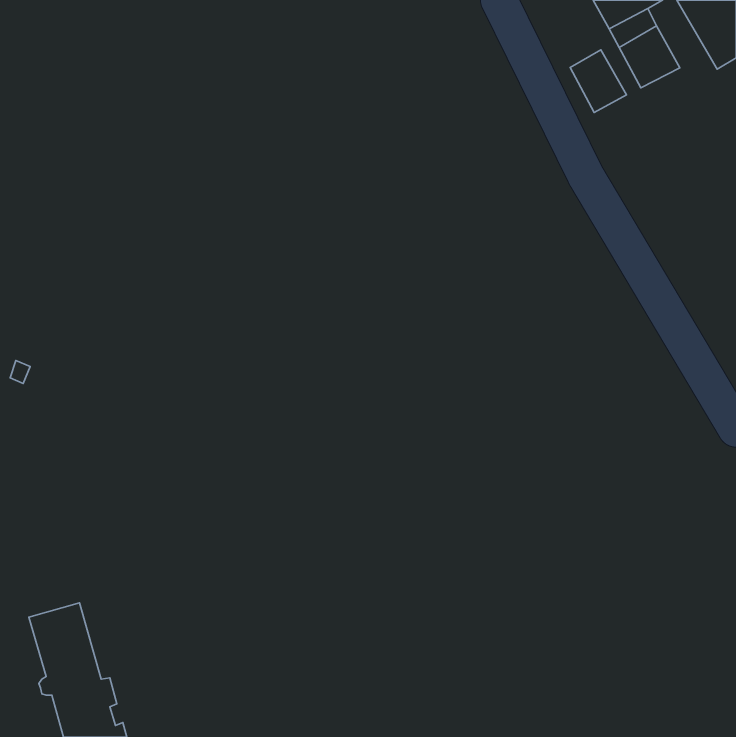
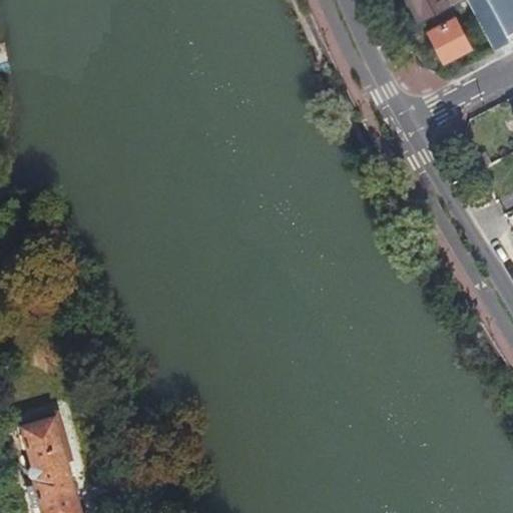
building: [570,50,627,113] -> none

